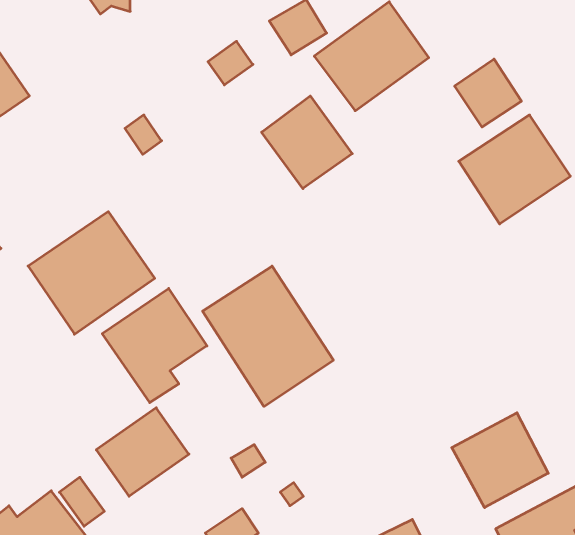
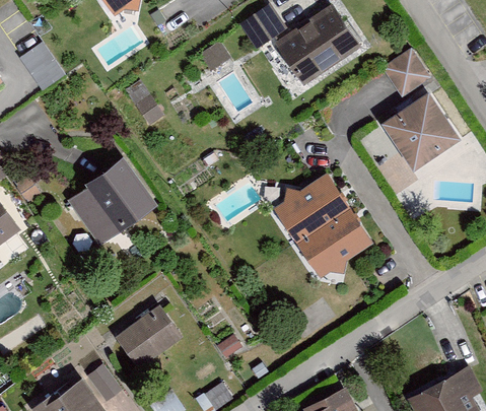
building: [262,96,352,189] -> none
building: [203,266,333,406] -> [274,175,371,279]
building: [102,288,207,403] -> none
building: [452,413,548,508] -> none

